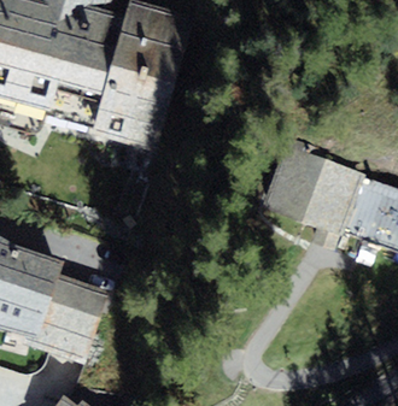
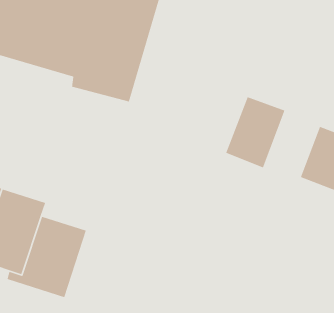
building: [302,158,364,236] -> none

